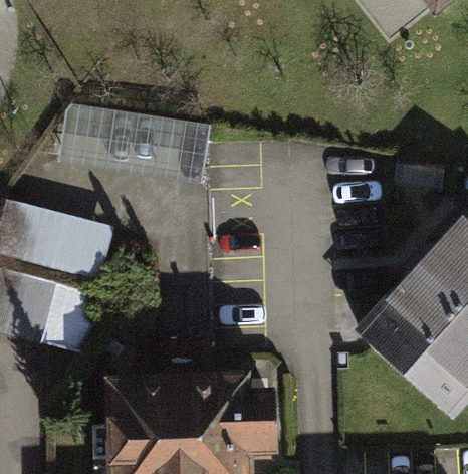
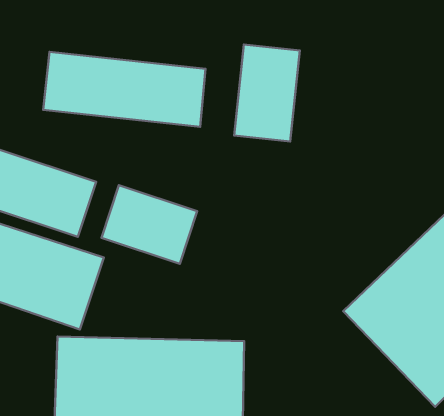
building: none -> [234,45,300,141]
building: none -> [102,185,197,264]

